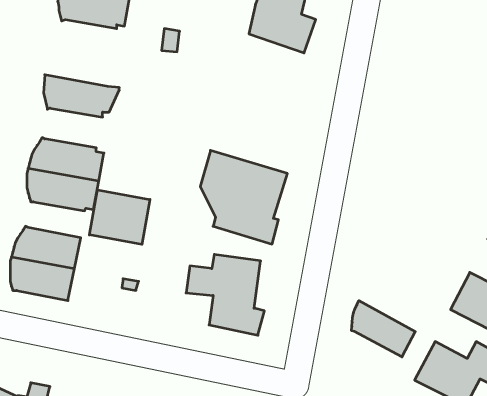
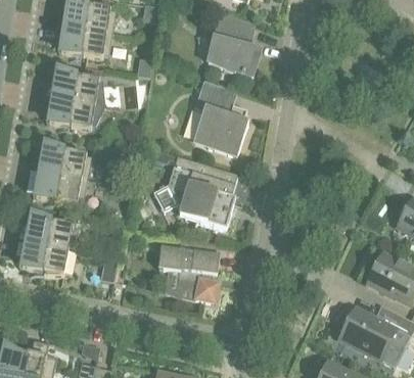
building: none -> [45,70,104,105]
building: none -> [193,80,248,155]
building: [89,190,150,244] -> none
building: [352,301,415,357] -> none

